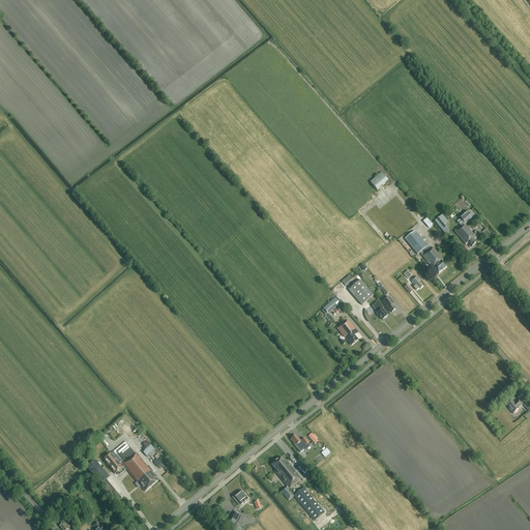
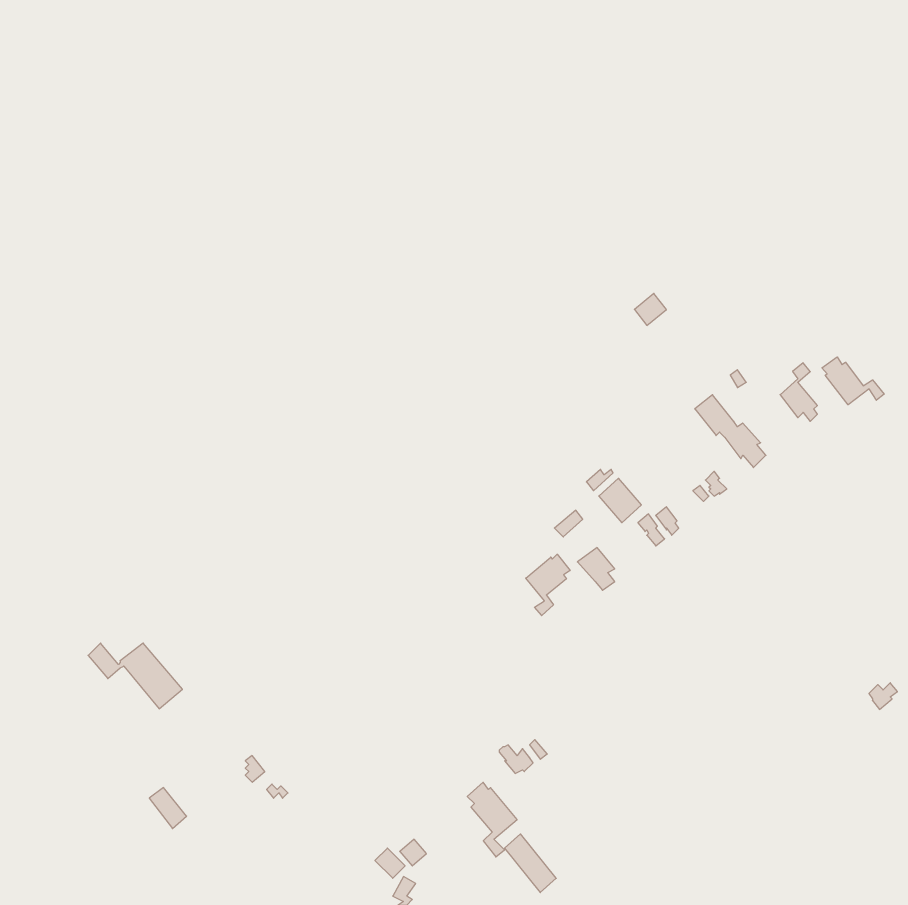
building: none -> [822,357,884,405]
building: none -> [526,554,570,616]
building: [104,451,158,490] -> [88,643,182,709]

